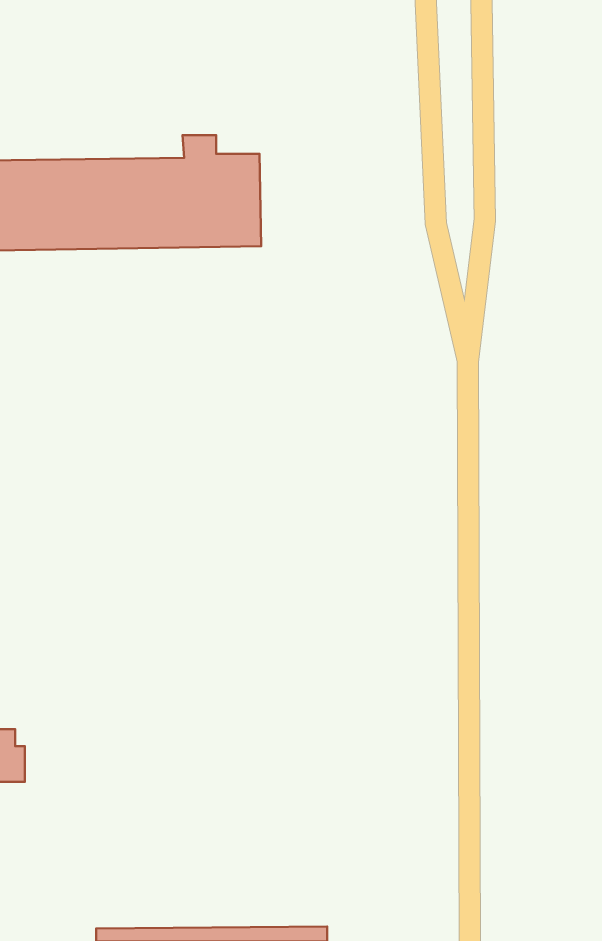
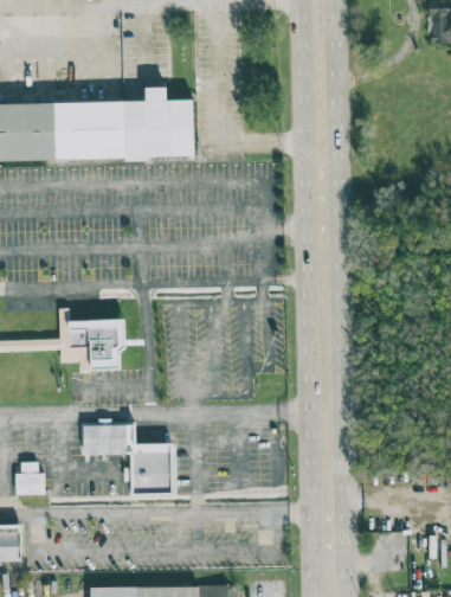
building: none -> [57,308,124,371]
building: none -> [79,424,174,495]

